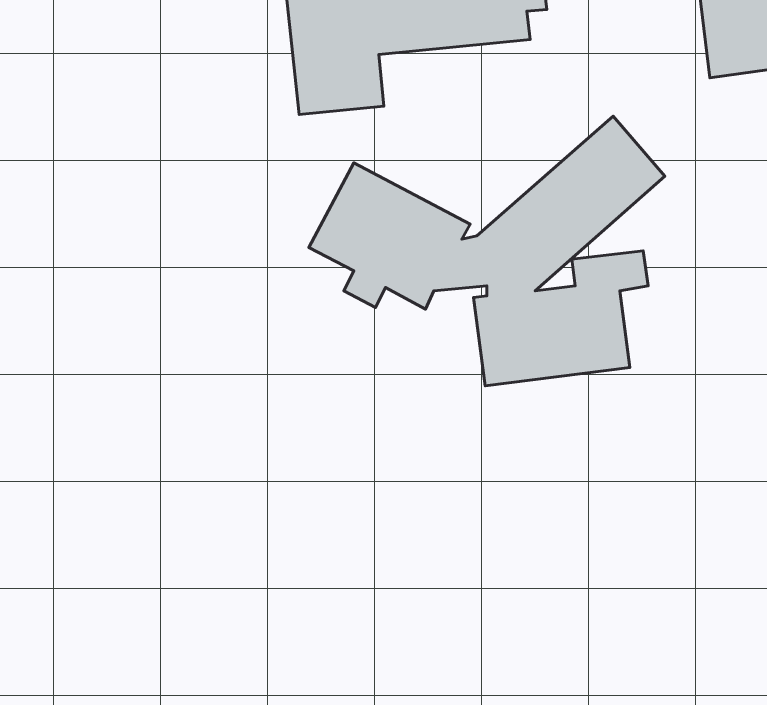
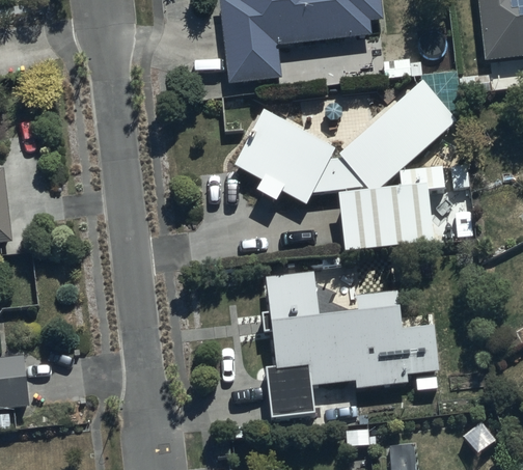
building: none -> [265,270,439,416]

